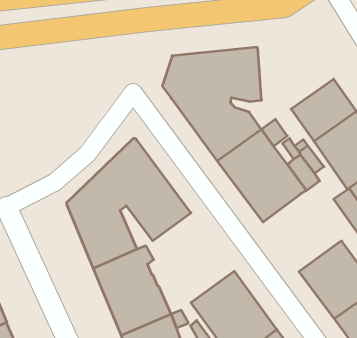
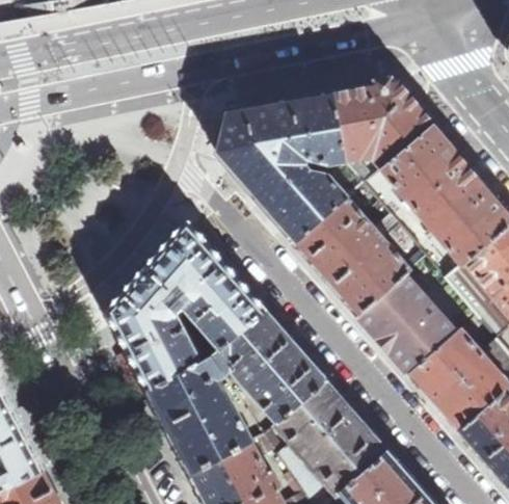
building: none -> [334,83,434,169]
building: none -> [359,275,457,375]
building: none -> [213,312,328,425]

